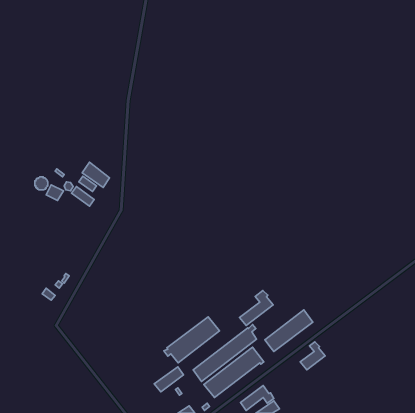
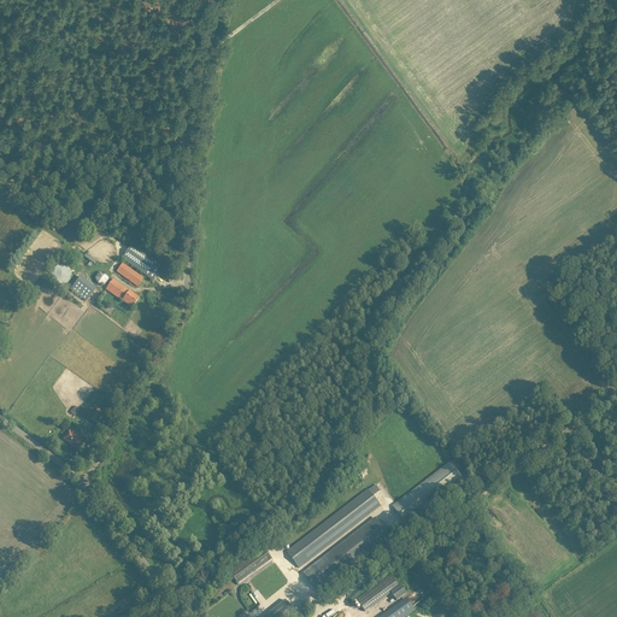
building: [240,290,273,326] -> none
building: [164,317,220,363] -> none
building: [300,342,325,370] -> none

